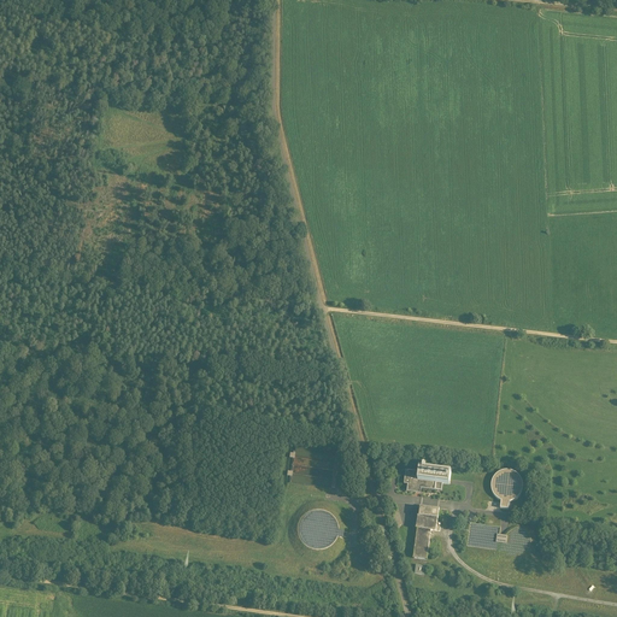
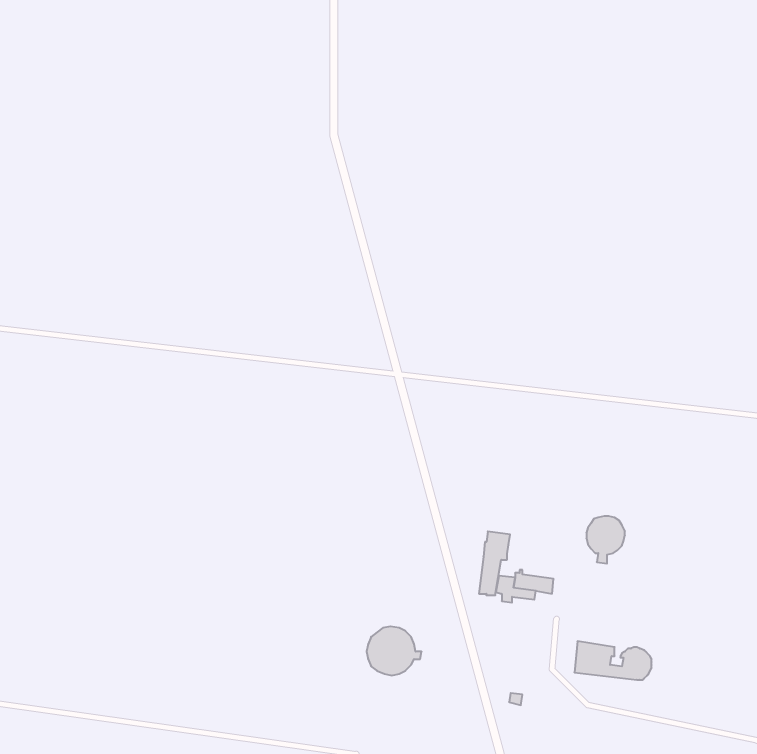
building: [490,468,522,506] -> [586,516,625,564]
building: [412,505,437,557] -> [479,531,510,595]

